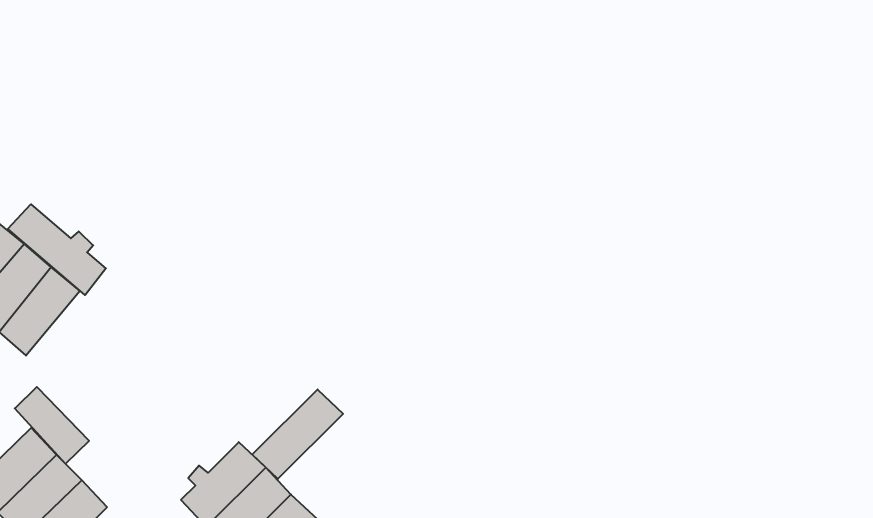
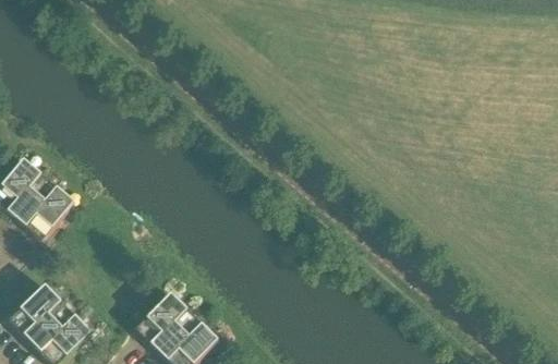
building: [8,204,106,295] -> none
building: [15,387,89,464] -> none
building: [252,389,343,479] -> none

